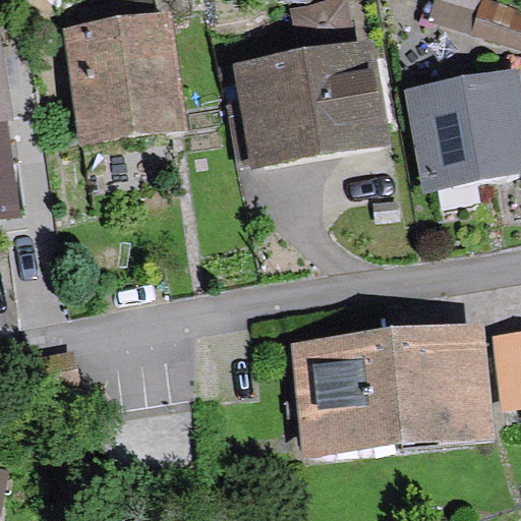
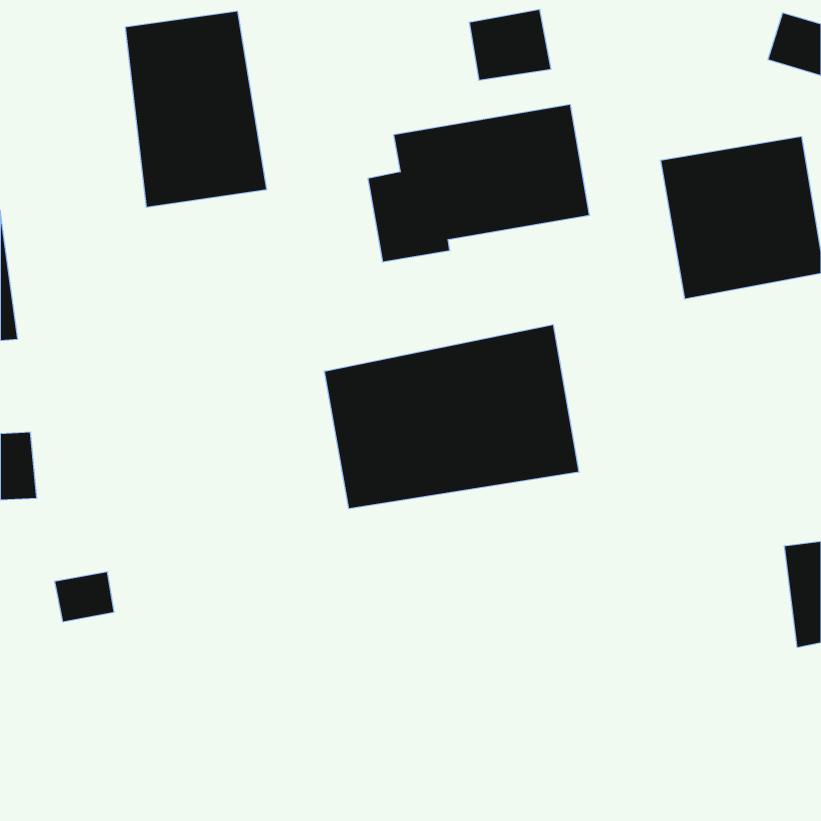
building: none -> [324,325,579,509]
building: [300,344,490,447] -> none

